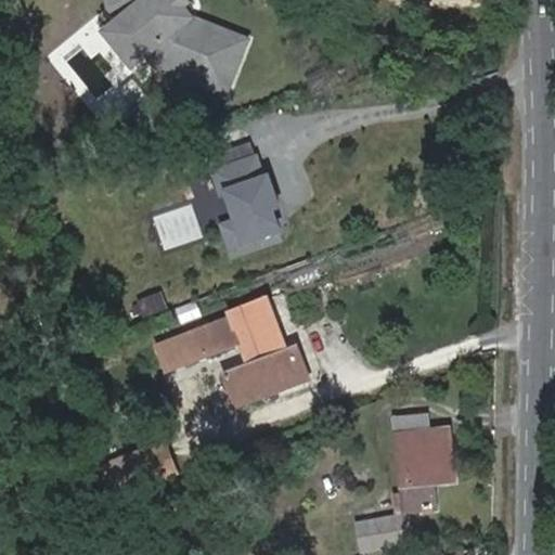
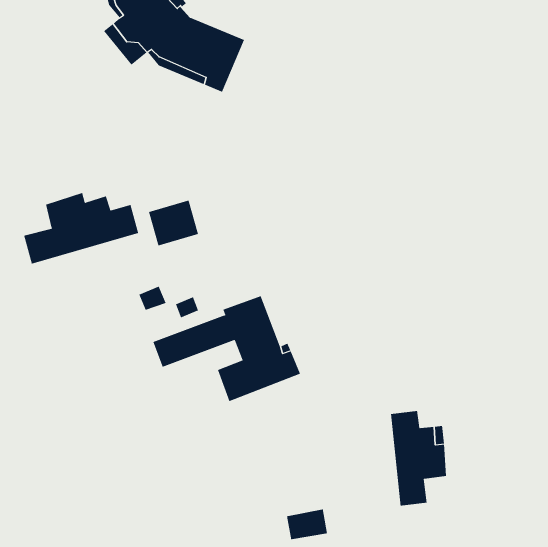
building: [212,151,289,248] -> none
building: none -> [24,192,139,264]
building: [359,515,401,546] -> [286,509,328,540]

